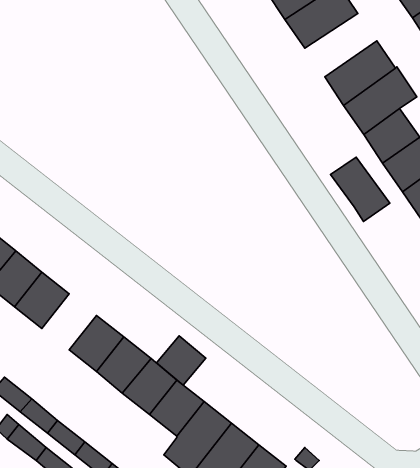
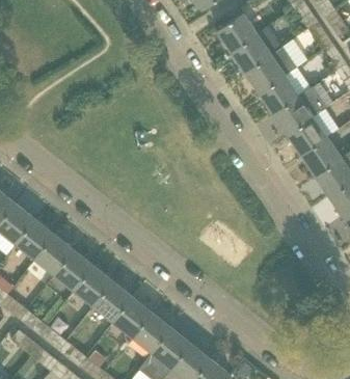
building: none -> [244,48,296,93]
building: [331,157,390,222] -> none
building: none -> [54,250,93,291]
building: [157,336,206,385] -> none

